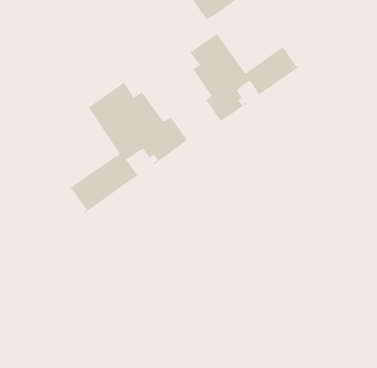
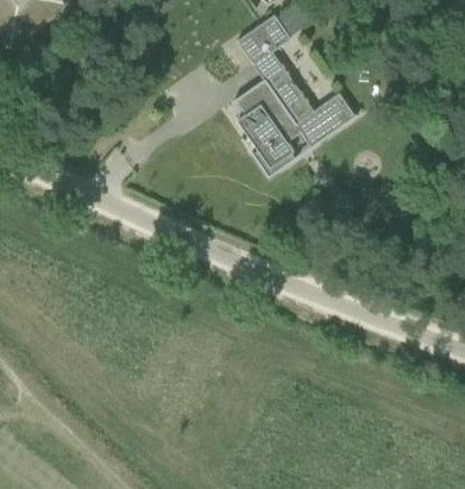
building: [70,82,188,213] -> none

